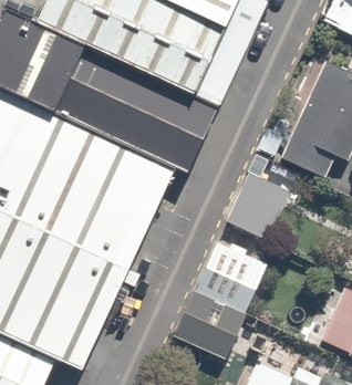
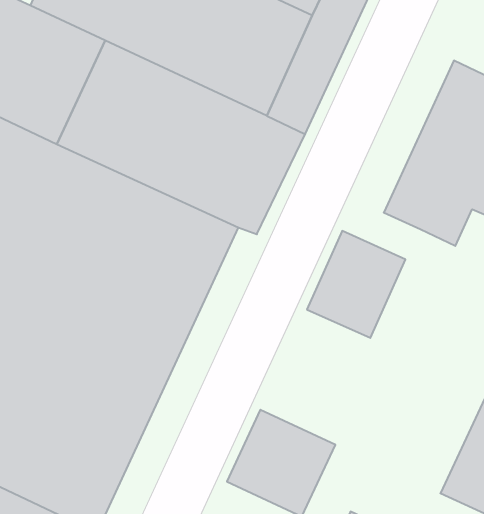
building: [190,237,270,314] -> none

